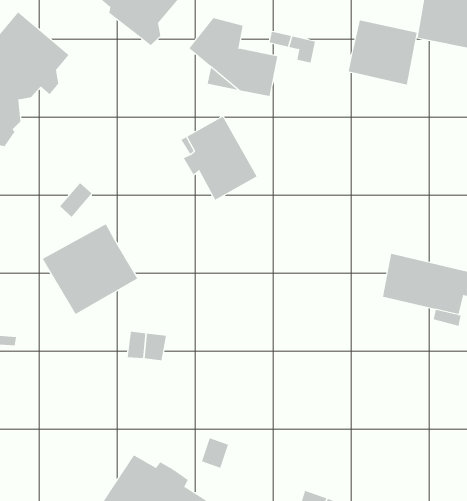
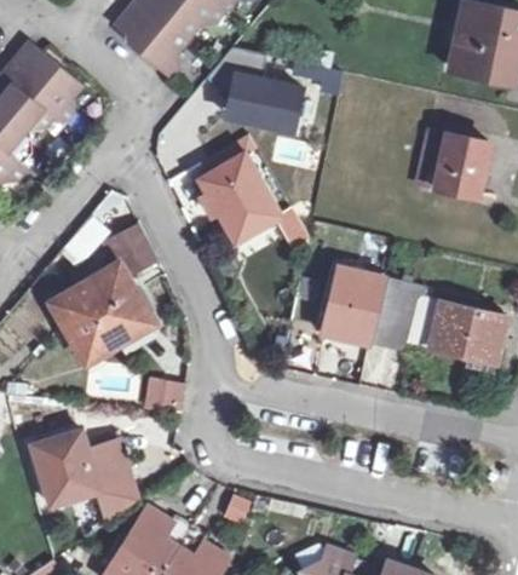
building: [348,20,418,85] -> [415,128,489,197]
building: none -> [109,228,157,281]
building: none -> [324,265,424,343]
building: none -> [29,430,136,523]

